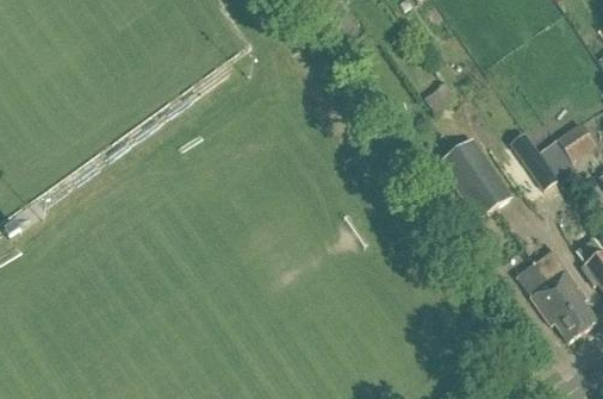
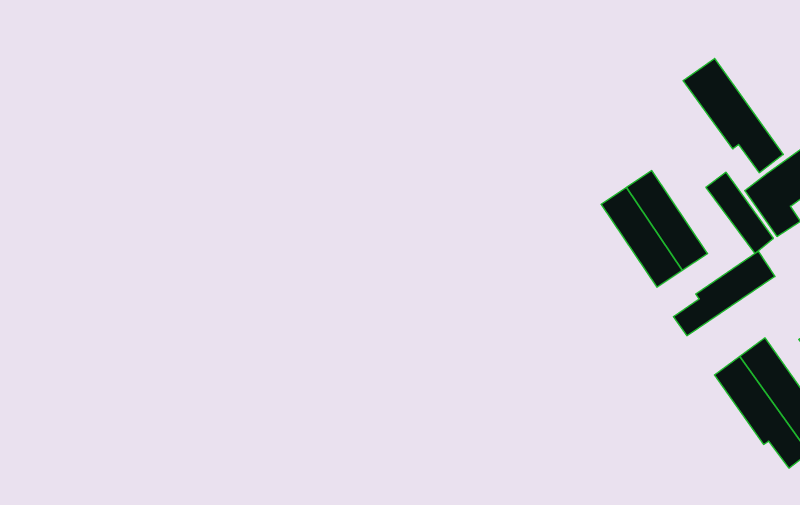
building: none -> [683,58,783,173]
building: none -> [673,251,775,336]

